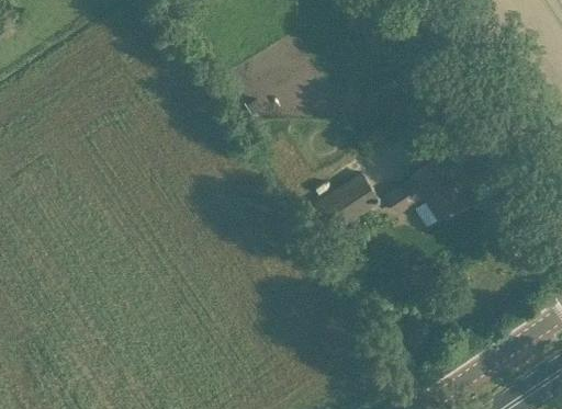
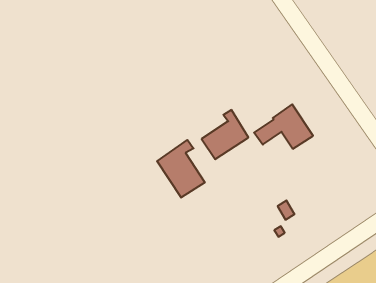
building: none -> [157,140,205,198]

